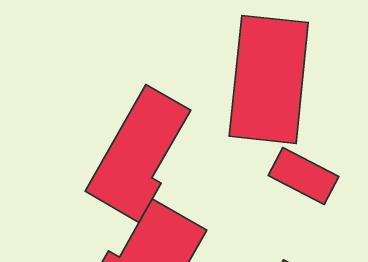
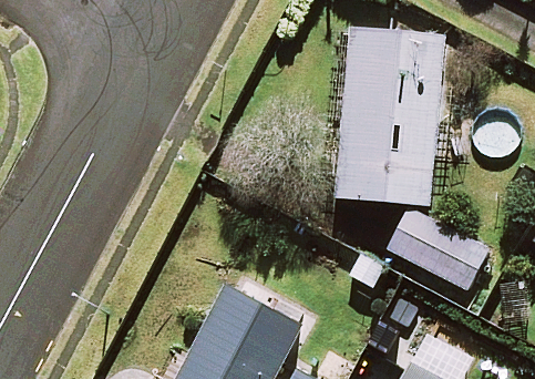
building: [85,84,191,223] -> none

